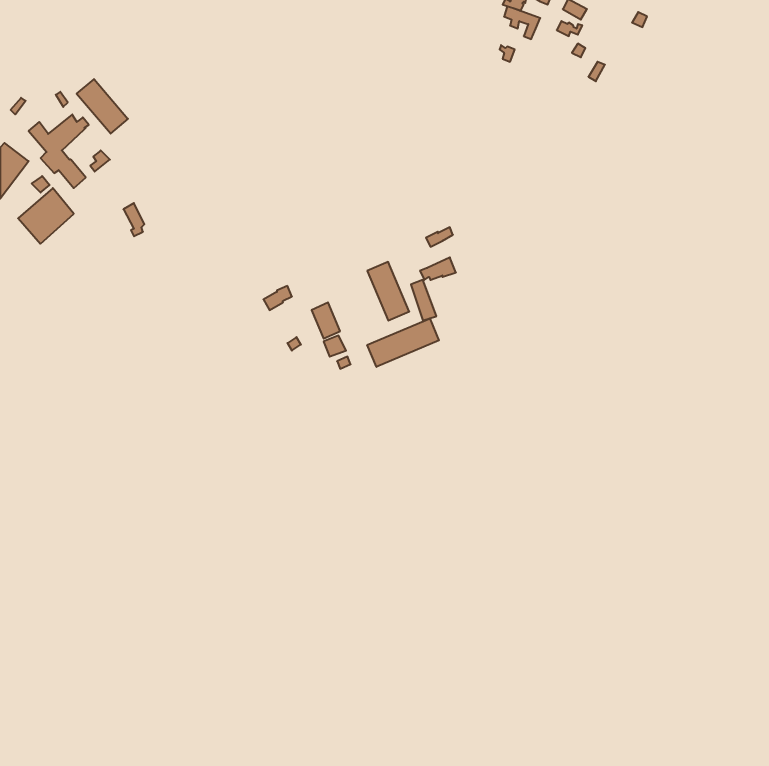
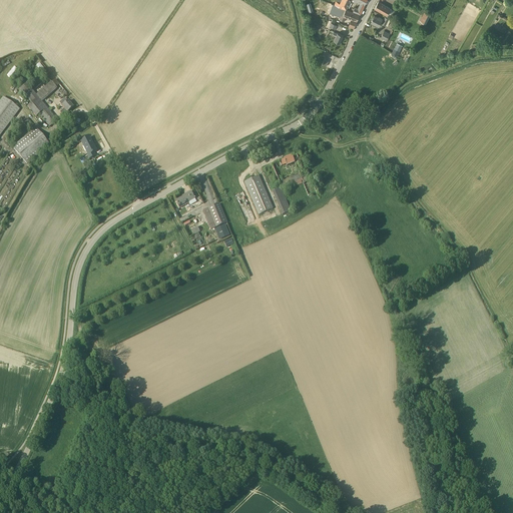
building: [77,79,128,134] -> none
building: [367,318,439,367] -> none

